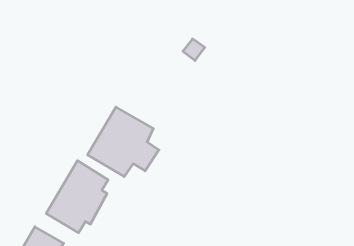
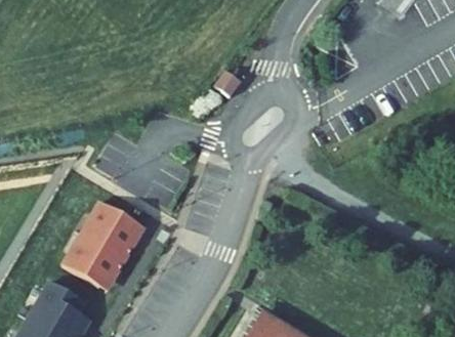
building: [88,107,159,177] -> none

